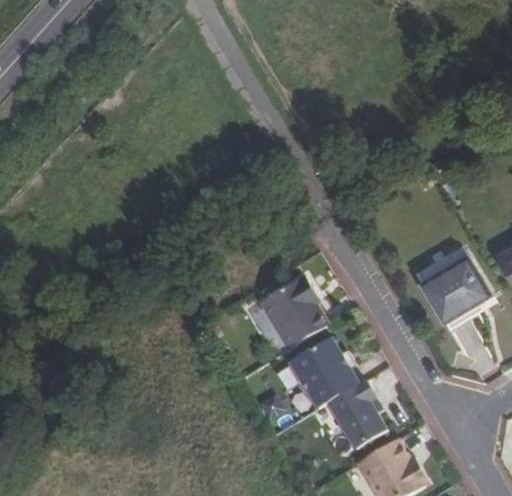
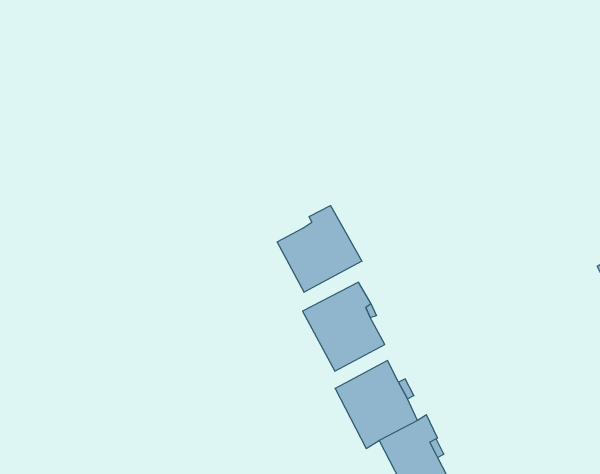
building: none -> [277,206,362,292]
building: [419,254,488,320] -> none

